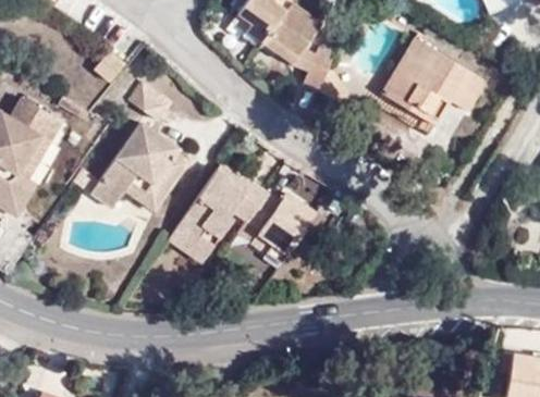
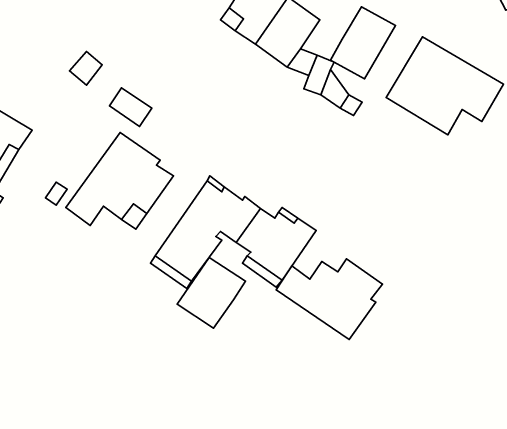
building: none -> [331,7,396,79]
building: none -> [177,257,246,328]
building: none -> [276,259,382,340]

